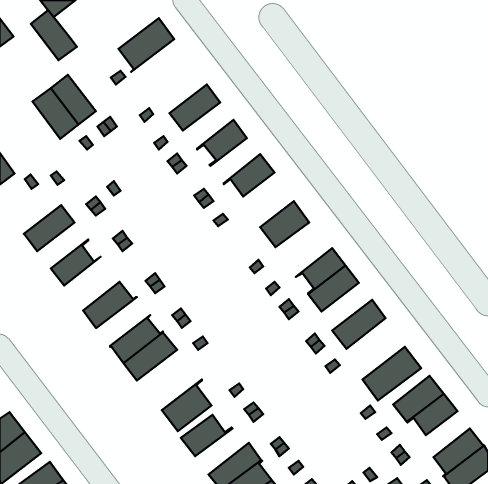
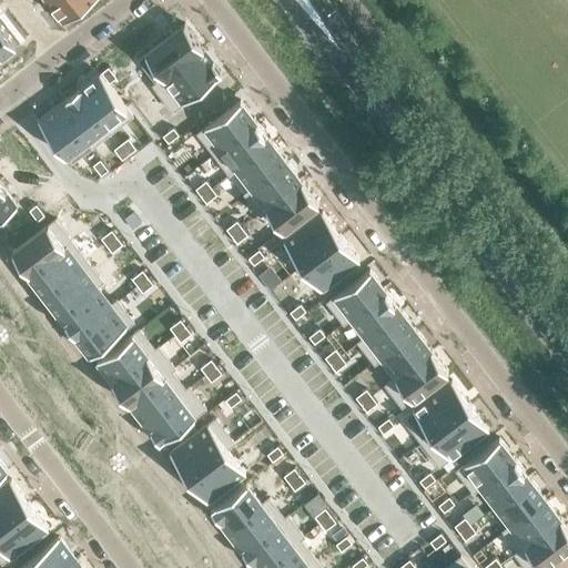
building: [31,10,77,60] -> [79,78,132,135]
building: none -> [152,52,221,115]
building: none -> [212,125,271,179]
building: none -> [244,166,302,219]
building: none -> [283,215,341,270]
building: none -> [12,223,71,277]
building: none -> [43,264,102,317]
building: none -> [326,273,385,327]
building: none -> [74,304,133,358]
building: none -> [373,334,432,389]
building: none -> [112,351,174,407]
building: none -> [402,384,469,446]
building: none -> [169,422,234,481]
building: none -> [494,483,545,536]
building: none -> [226,503,288,556]

